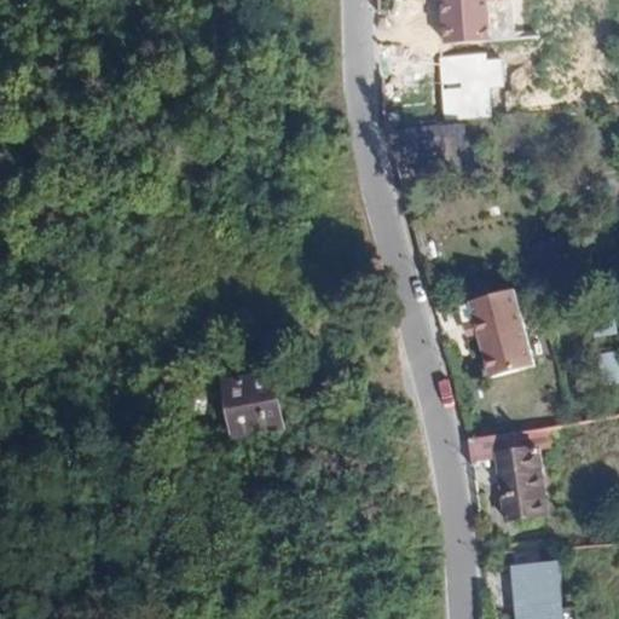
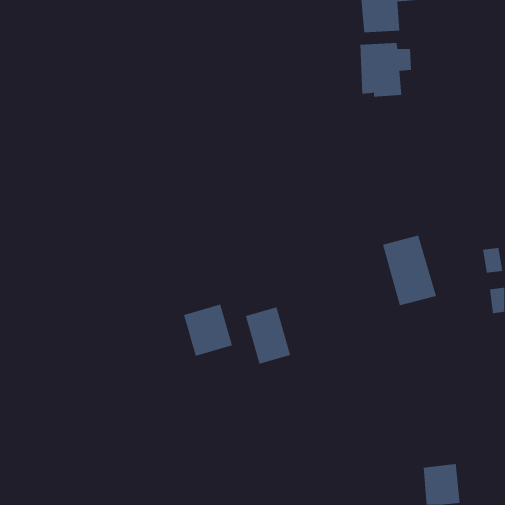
building: none -> [245,307,291,364]
building: [468,430,539,519] -> none

